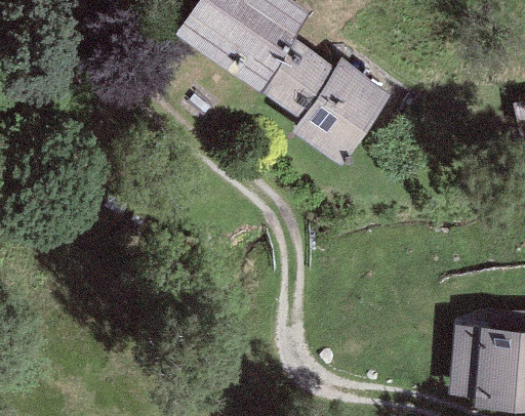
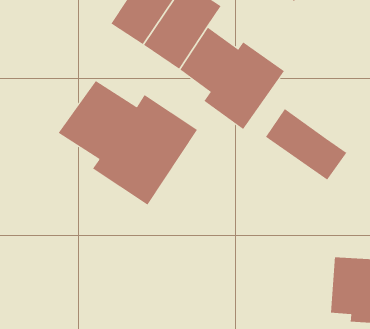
building: none -> [58,80,198,205]
building: none -> [265,108,347,181]

